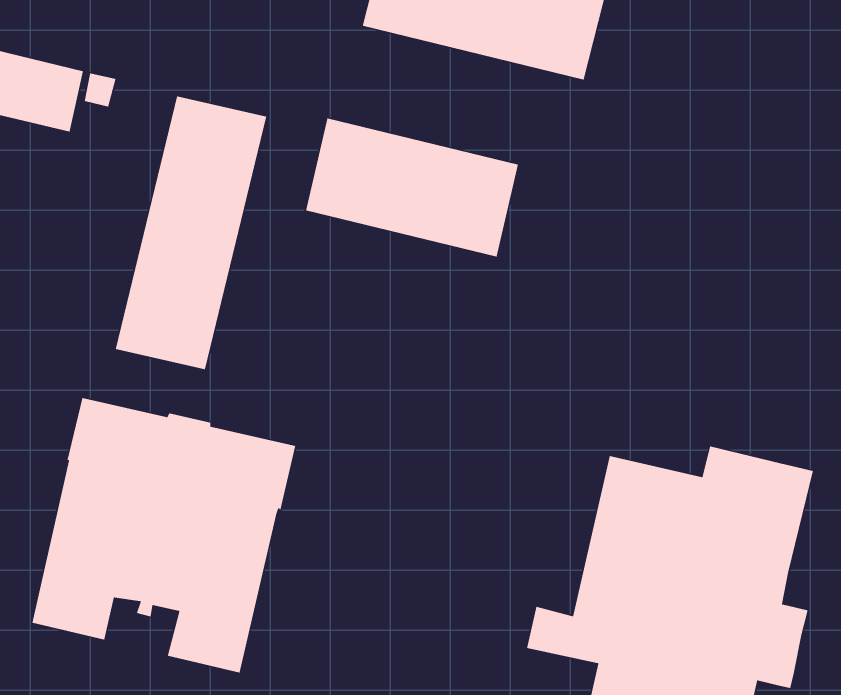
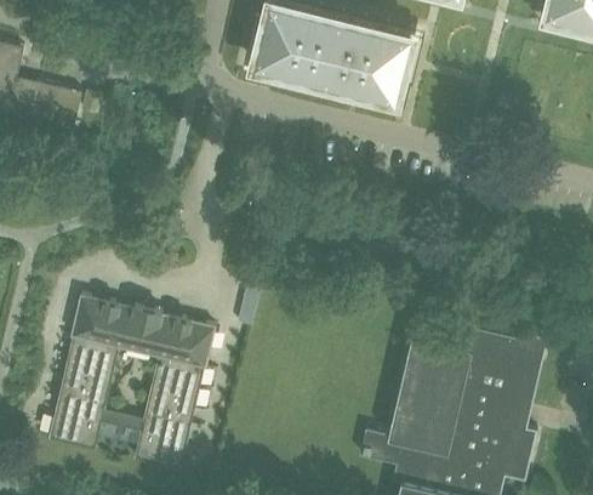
building: [115,95,267,370] -> none
building: [305,117,519,257] -> none

